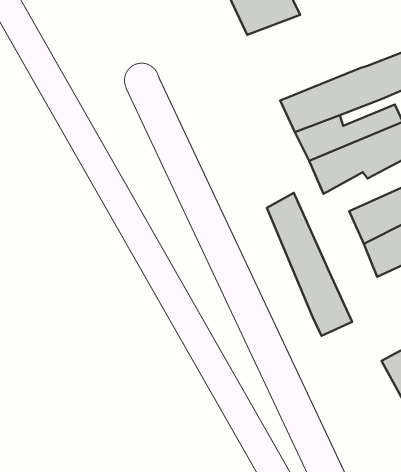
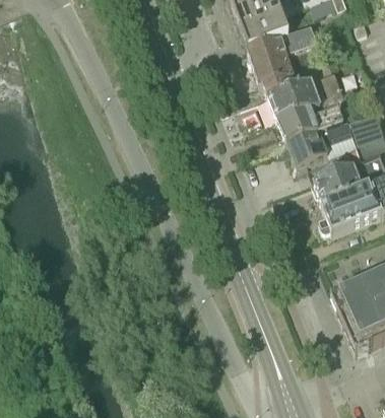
building: none -> [247,26,330,94]
building: [267,193,352,336] -> none

